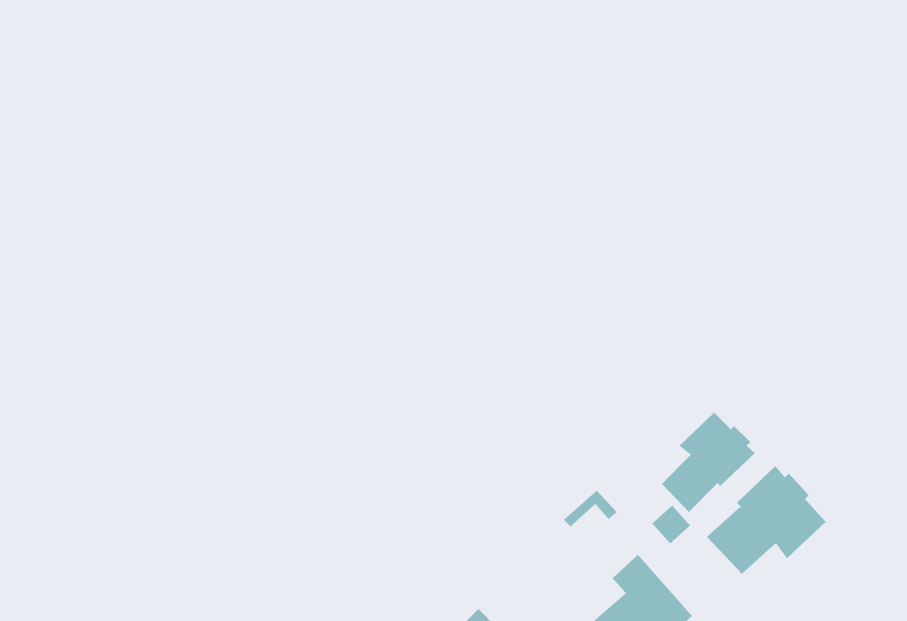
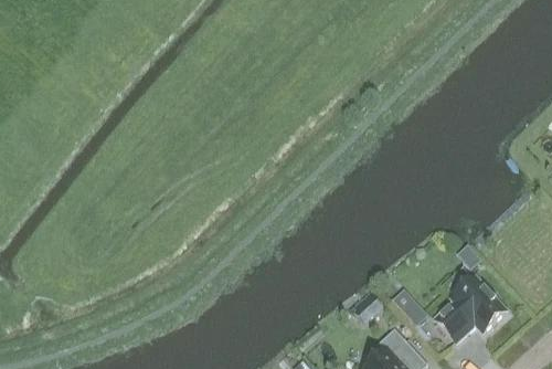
building: [661,412,756,513] -> none

